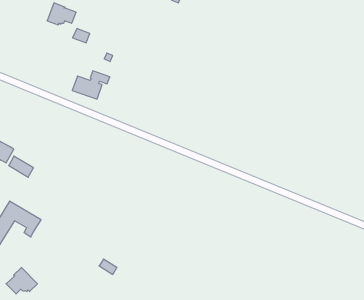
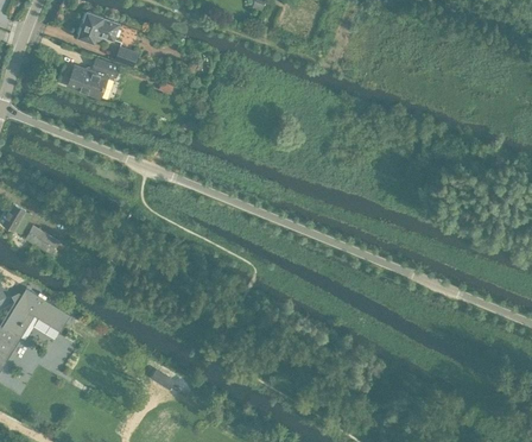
building: [72,71,110,99] -> [65,58,118,97]
building: [6,268,37,294] -> none

